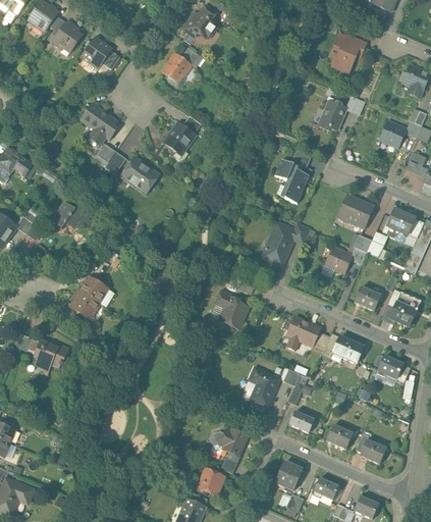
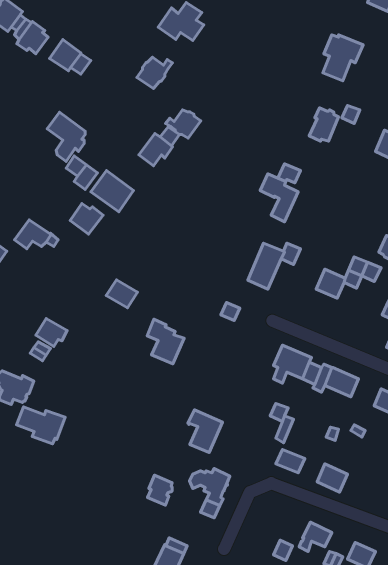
building: none -> [166,110,201,138]
building: none -> [70,204,103,234]
building: [338,195,373,227] -> none
building: [79,276,108,302] -> [106,280,138,308]
building: [354,285,381,310] -> none
building: [215,288,249,328] -> [147,319,184,364]
building: [249,366,280,405] -> [188,410,222,452]
building: none -> [16,407,65,444]
building: [360,438,386,463] -> none
building: [275,461,303,488] -> none
building: [200,467,222,494] -> [148,475,172,505]

